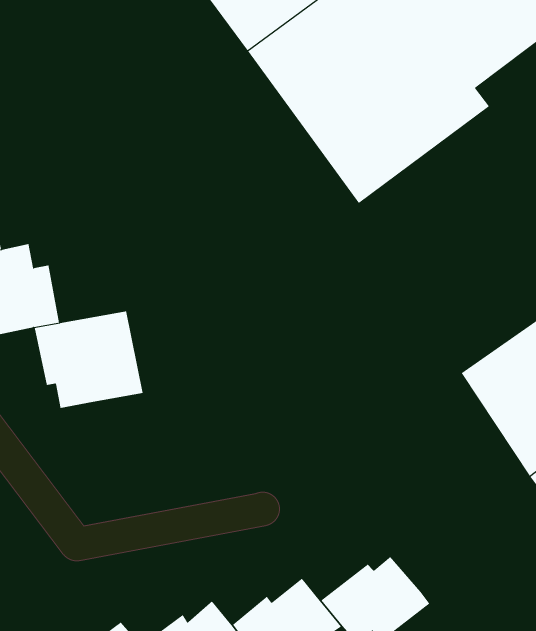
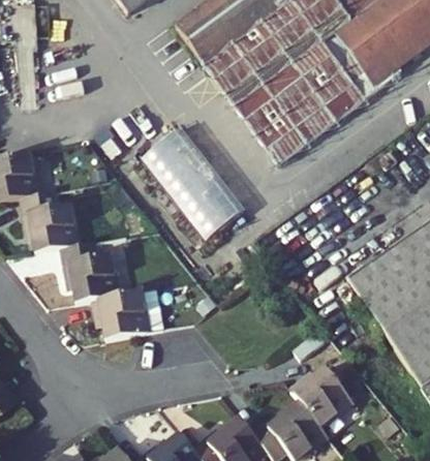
building: none -> [139,130,243,243]
building: none -> [98,289,150,340]
building: none -> [291,368,352,426]

